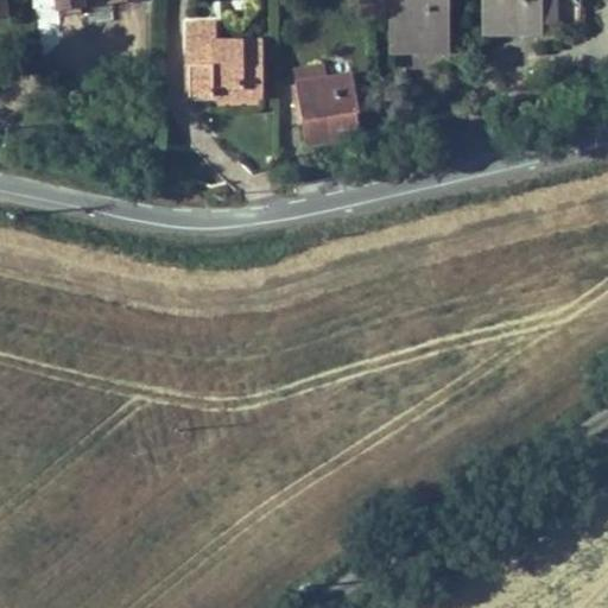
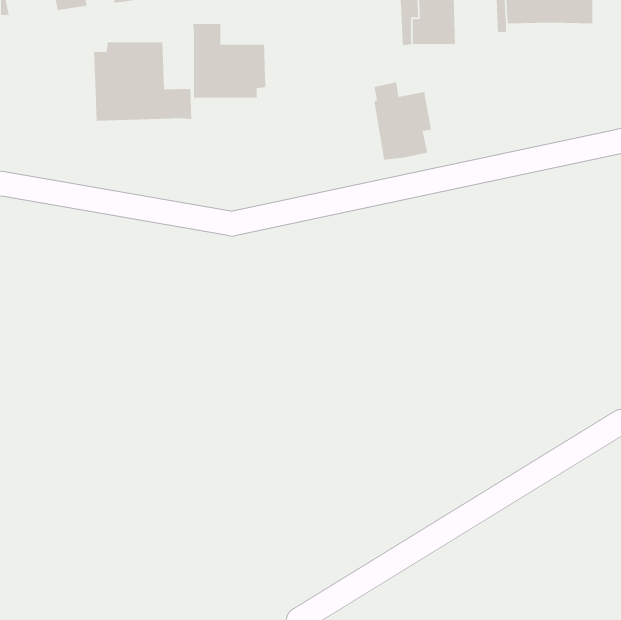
building: none -> [93,42,192,121]
building: [298,65,355,142] -> [374,82,432,161]

